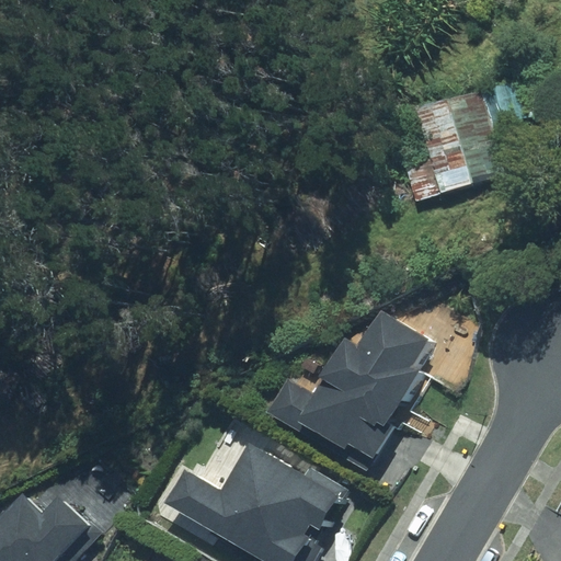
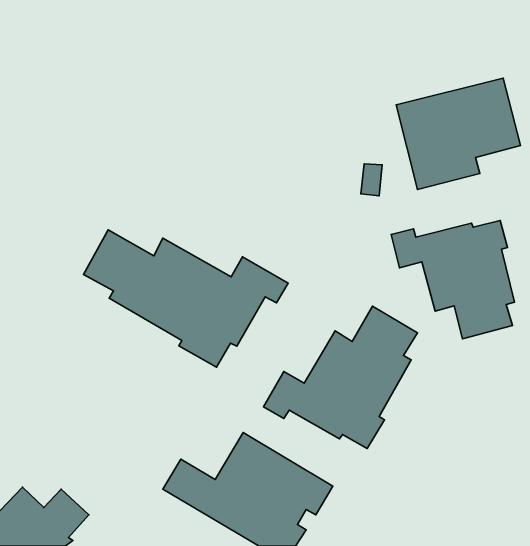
building: none -> [391,221,515,339]
building: none -> [84,230,288,367]

